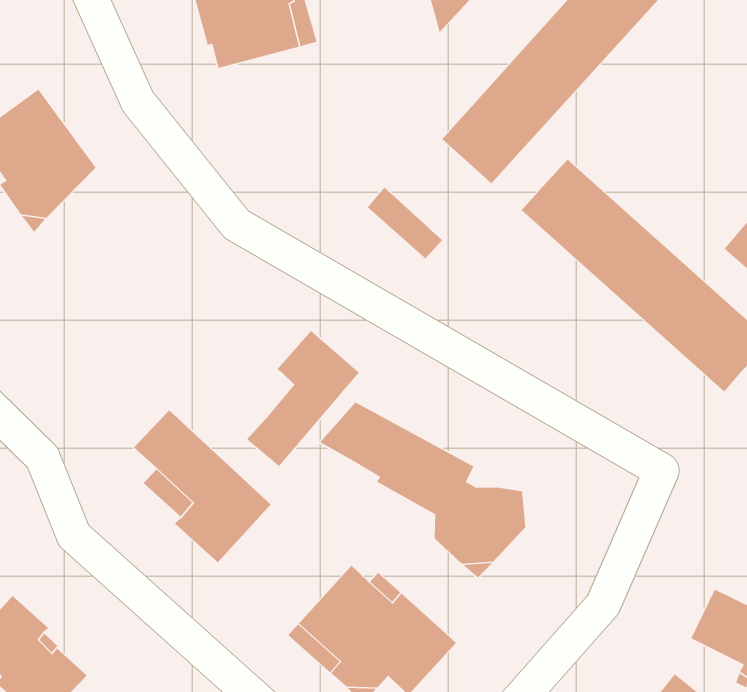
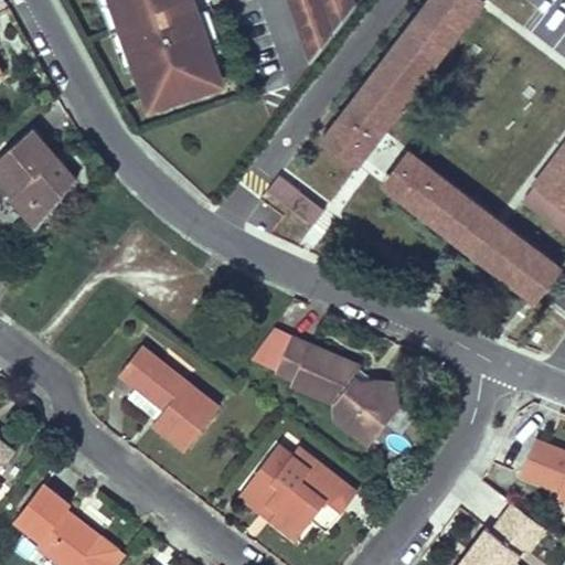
building: [246,330,360,467] -> none

